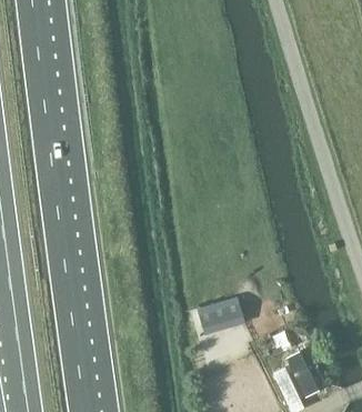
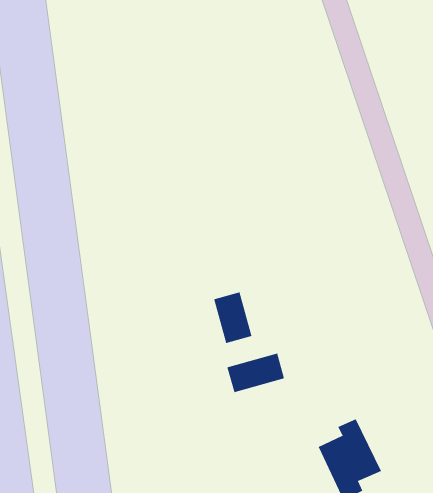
building: none -> [213,291,252,344]

